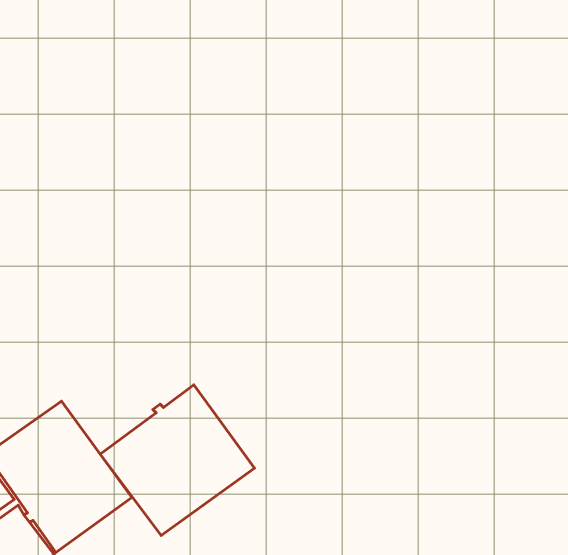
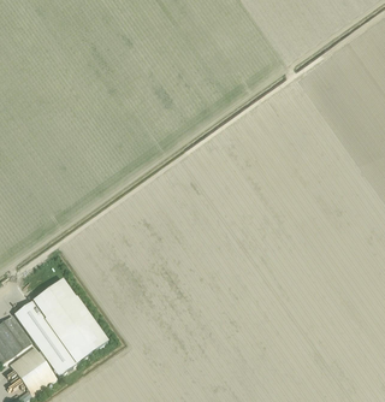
building: [100,385,254,536] -> none

